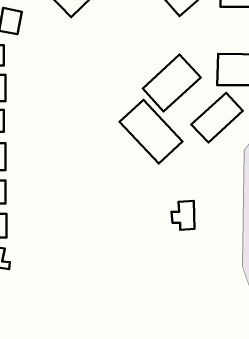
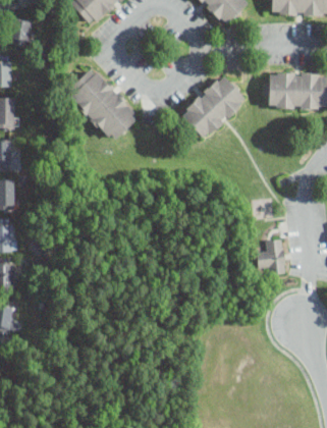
building: [191,93,243,143] -> none
building: [119,100,183,164] -> [65,66,141,143]
building: [172,201,195,230] -> [258,239,285,274]

